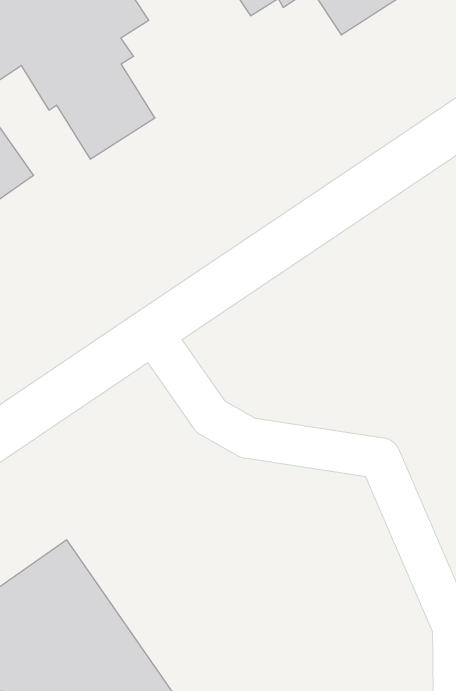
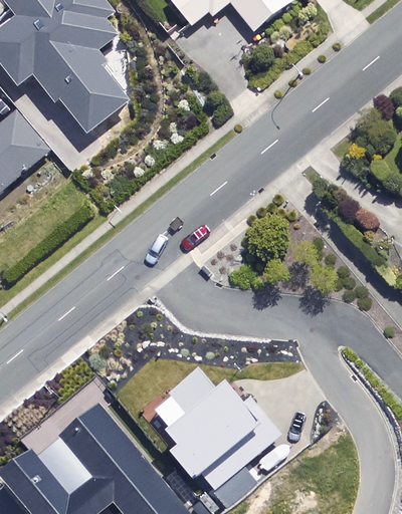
building: none -> [155,364,281,487]

